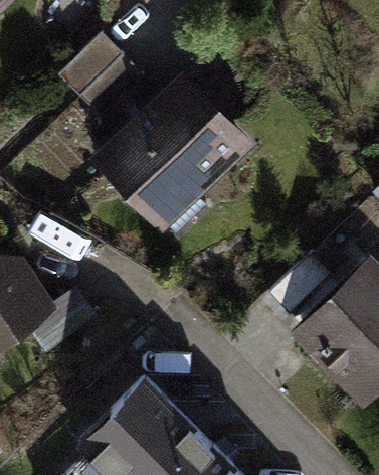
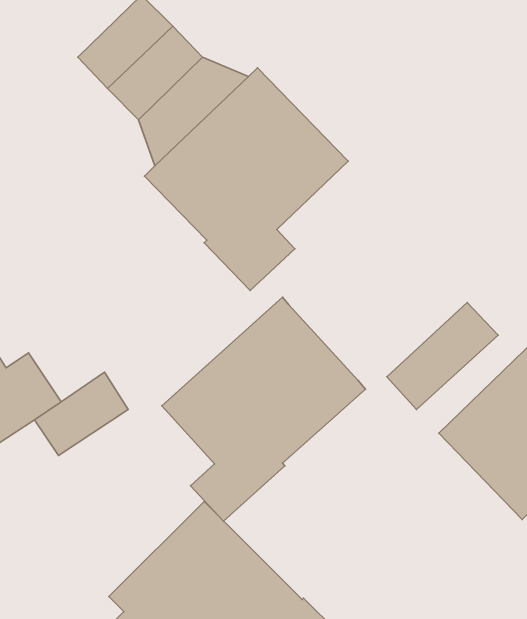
building: none -> [162,297,365,521]

